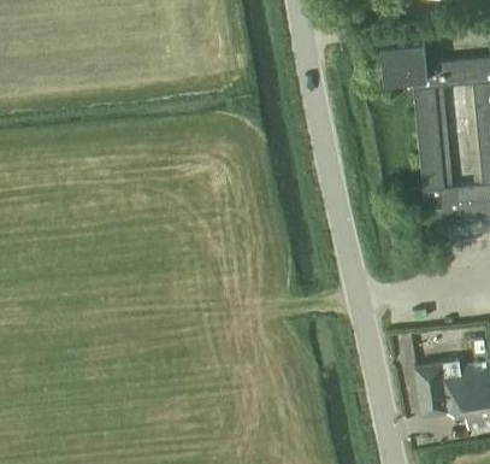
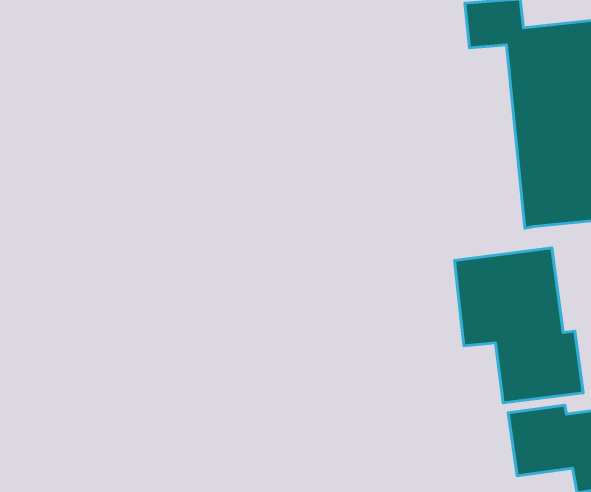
building: none -> [454,248,583,403]

